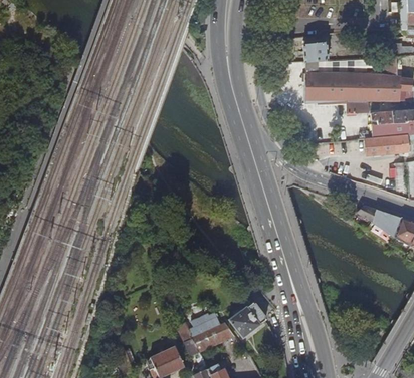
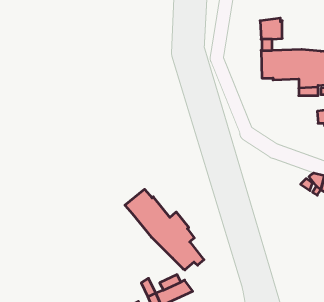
building: none -> [125,189,204,270]
building: [227,301,265,338] -> none

